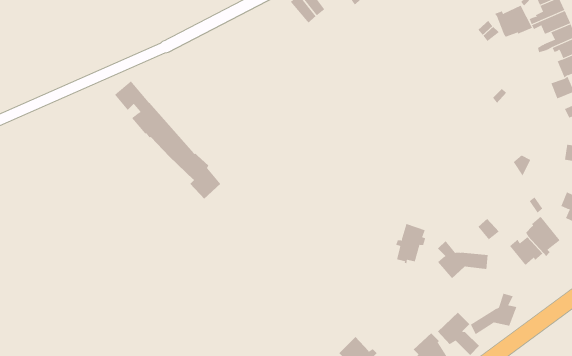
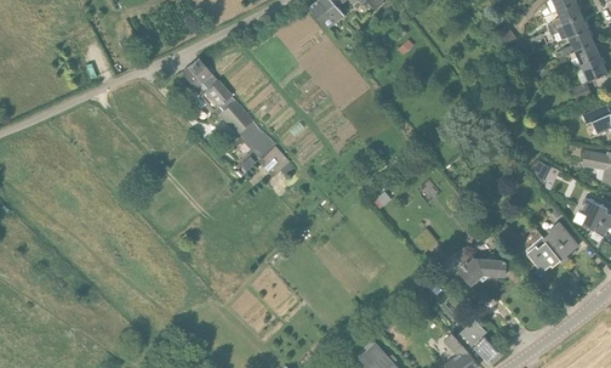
building: [494,5,533,38] -> none
building: [114,80,221,200] -> [182,58,289,177]
building: [396,223,426,264] -> none
building: [470,293,517,335] -> none

